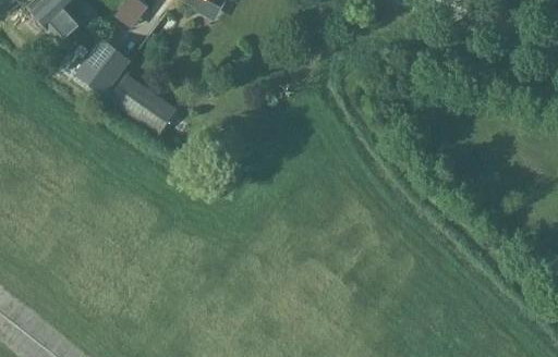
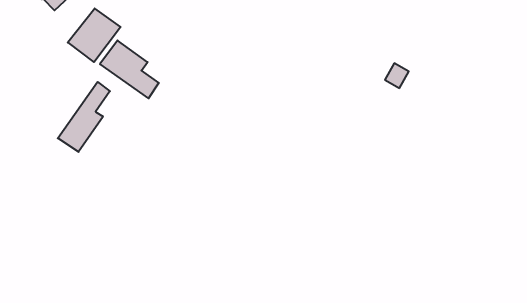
building: none -> [58,82,110,152]

